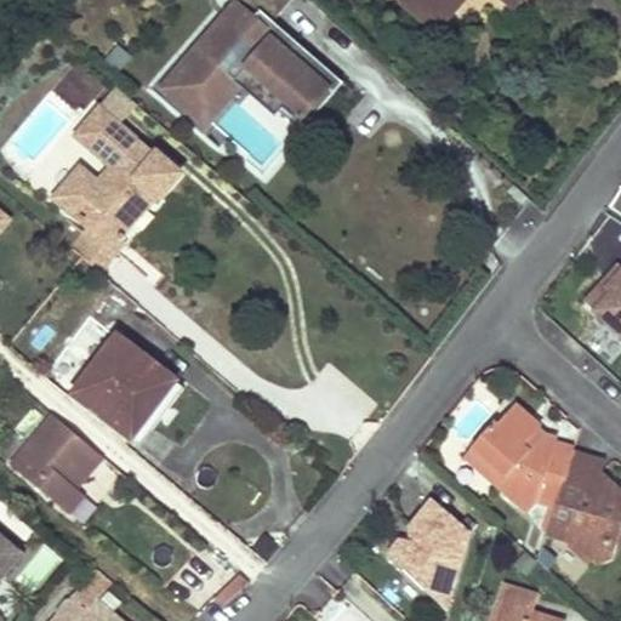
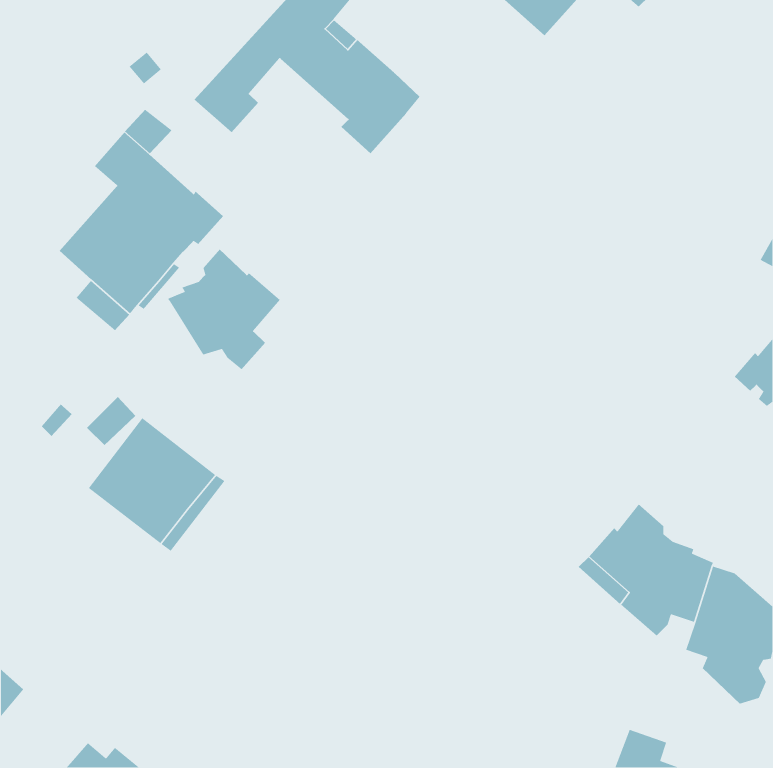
building: [186,47,279,119] -> none
building: none -> [167,248,281,370]
building: [15,416,104,512] -> none
building: [388,498,471,608] -> none

